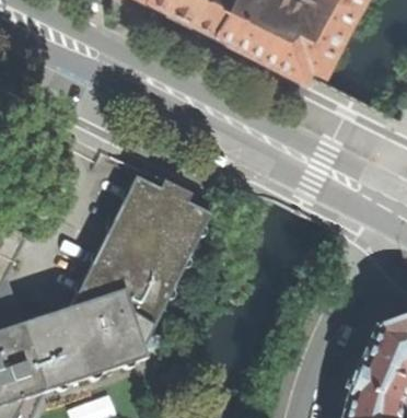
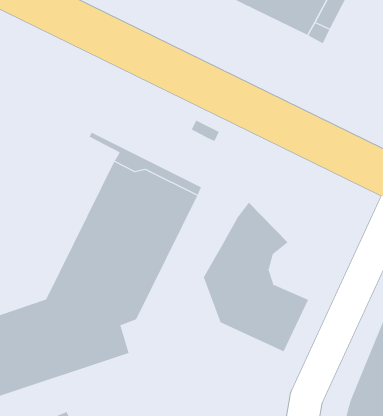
building: none -> [203,202,309,352]

